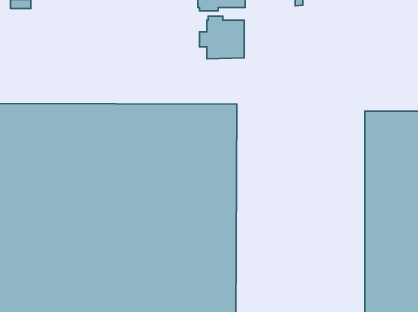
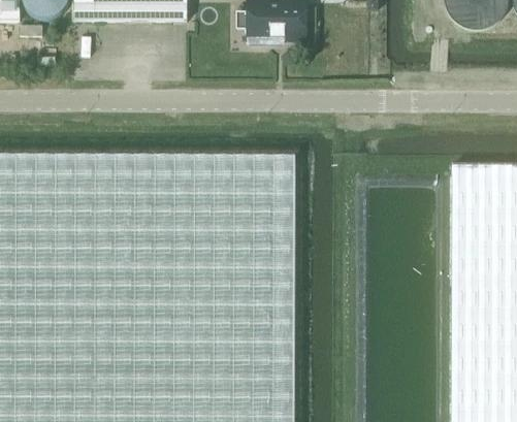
building: [199,16,244,59] -> none

